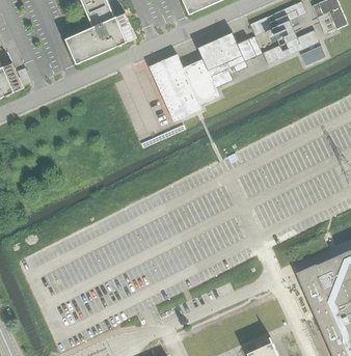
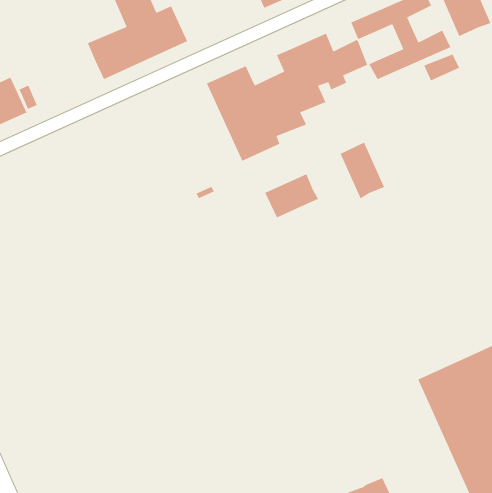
building: none -> [339,141,385,199]
building: none -> [264,173,319,219]

